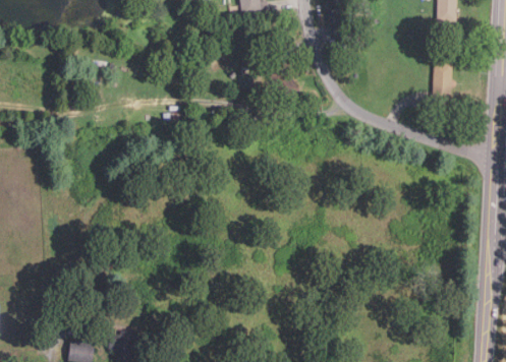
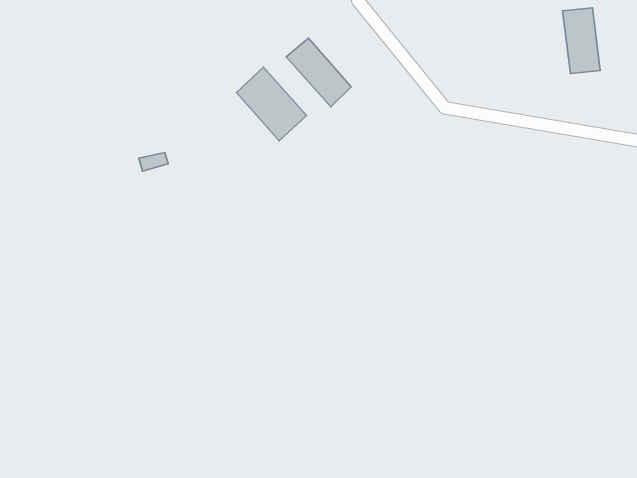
building: none -> [236,67,306,141]

